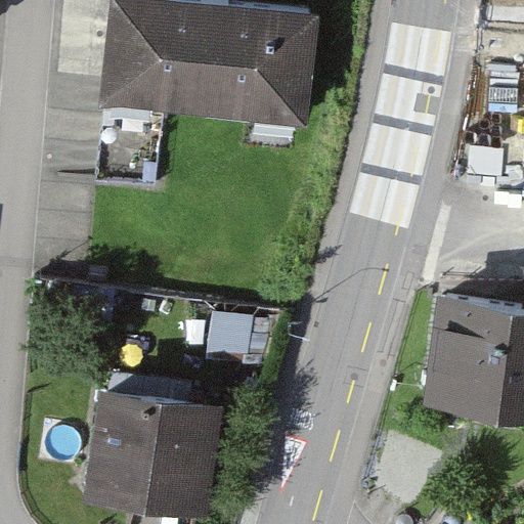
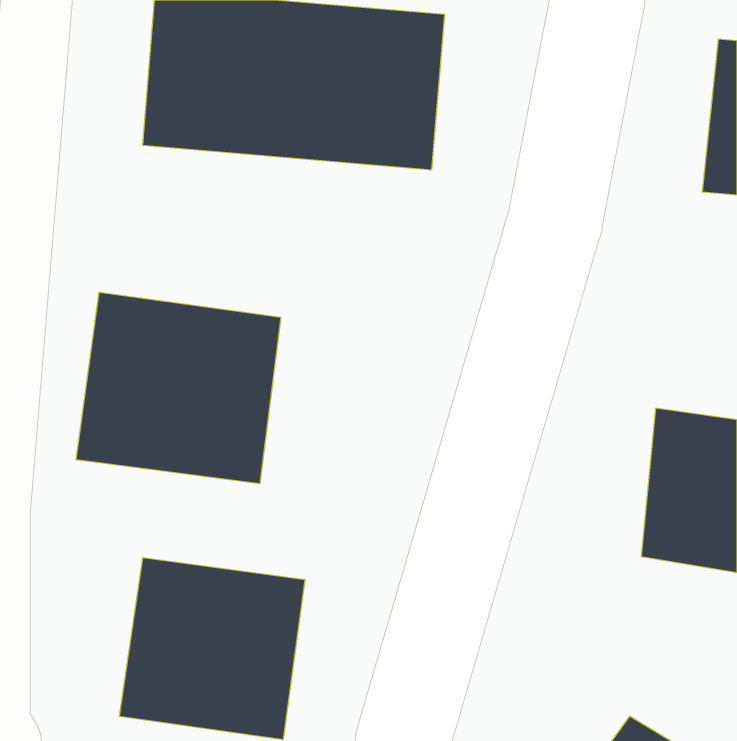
building: none -> [76,292,281,484]

